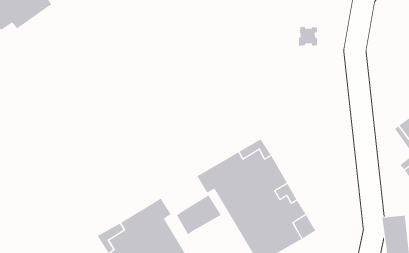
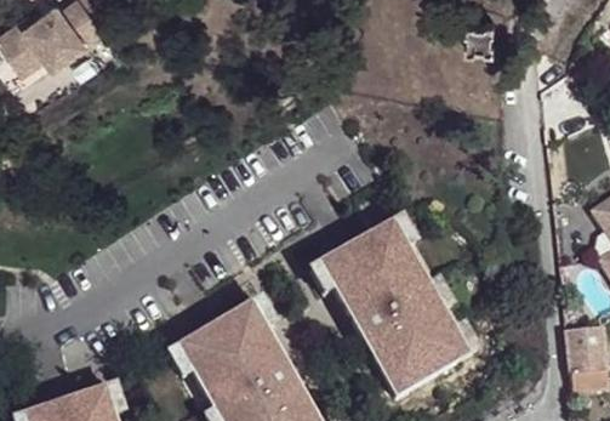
building: [176,194,221,235] -> none

